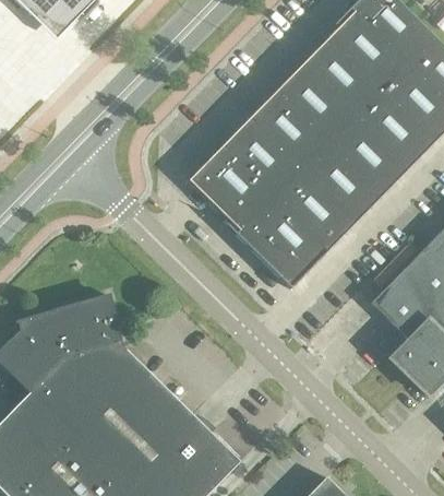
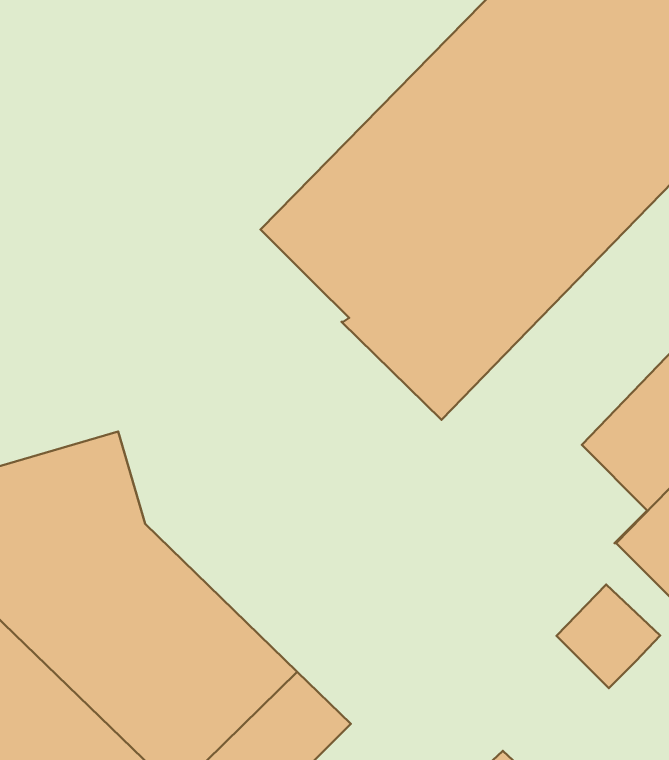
building: none -> [557,585,660,688]

